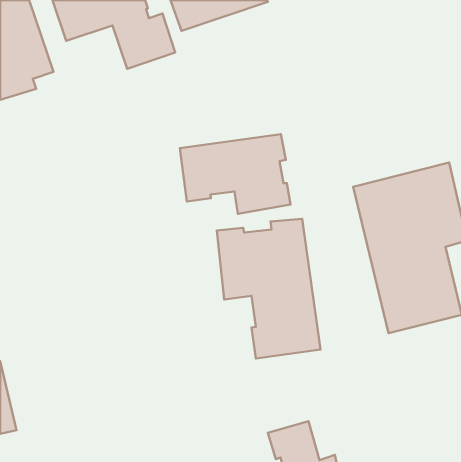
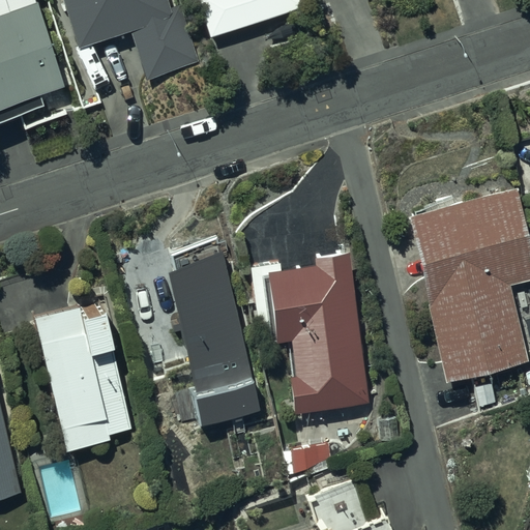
building: [180,134,291,214] -> none
building: none -> [169,240,261,423]
building: none -> [32,298,131,450]

